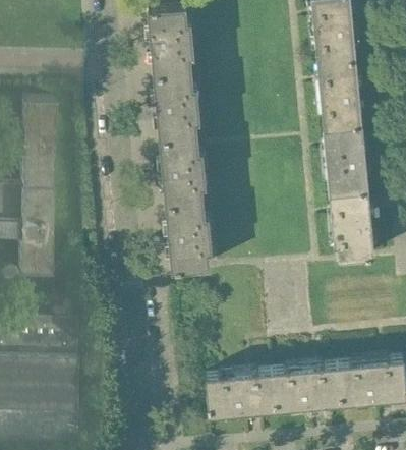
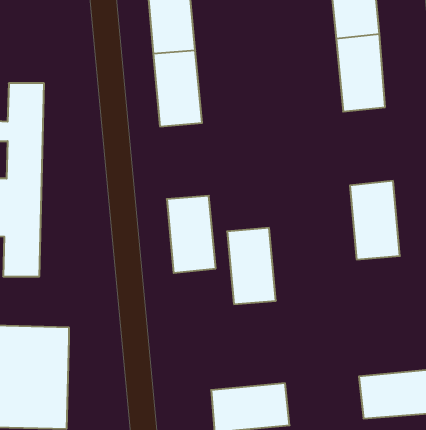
building: [325,127,369,198] -> none
building: [161,142,205,210] -> [227,228,276,304]
building: [273,369,343,412] -> none

